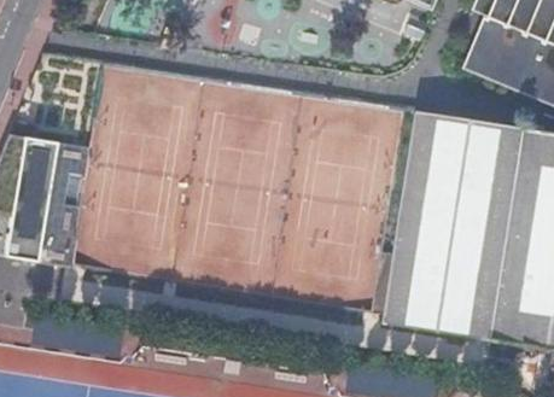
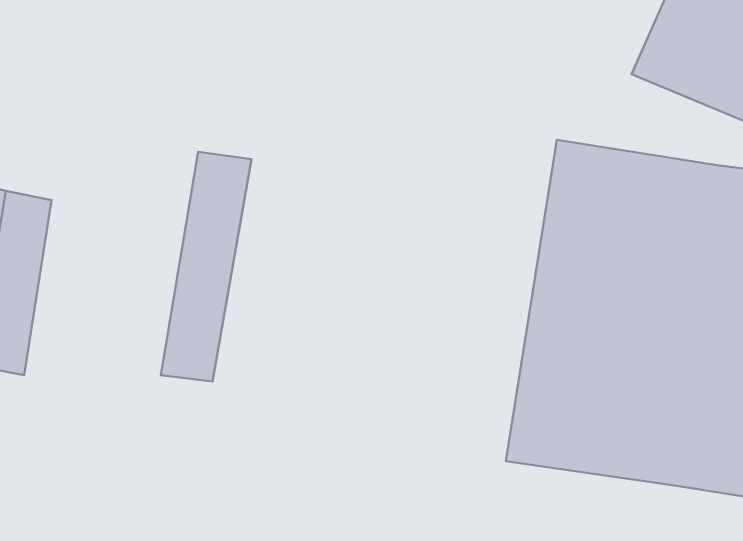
building: none -> [161,152,252,382]

